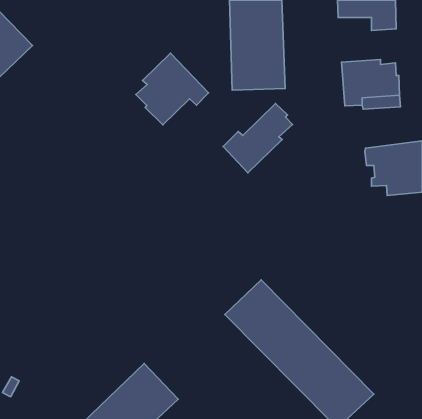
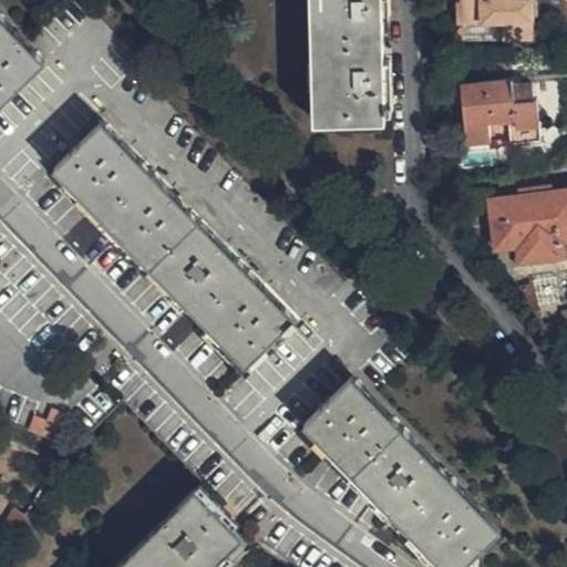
building: [136,53,209,125] -> none
building: none -> [52,125,292,368]
building: [223,104,292,173] -> none

